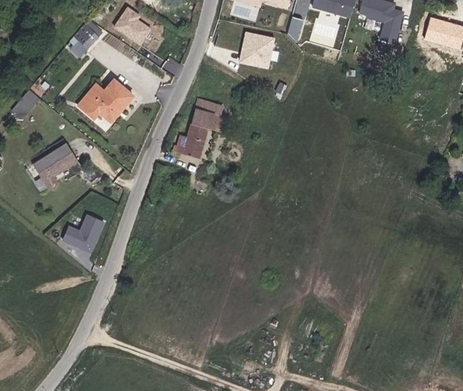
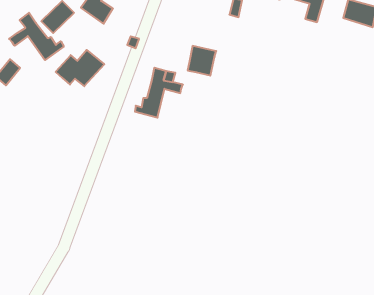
building: none -> [9,13,64,60]
building: [238,33,272,68] -> [188,46,216,76]
building: [35,141,82,189] -> none
building: [63,211,106,252] -> none

